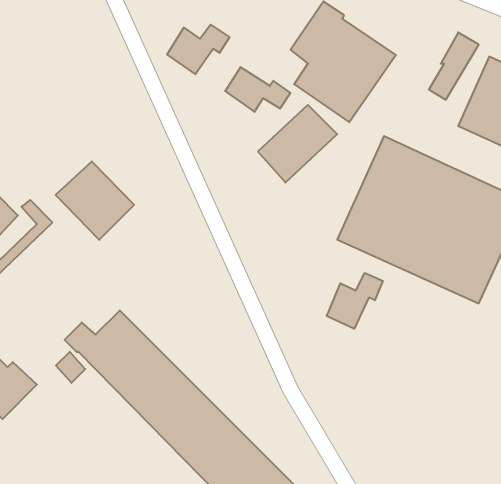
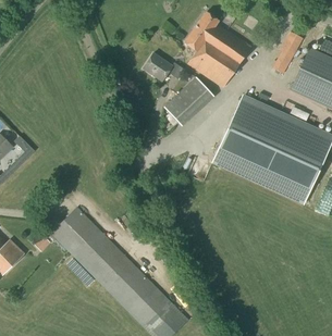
building: [167,25,229,74] -> none
building: [56,161,134,240] -> none
building: [327,273,383,329] -> none

